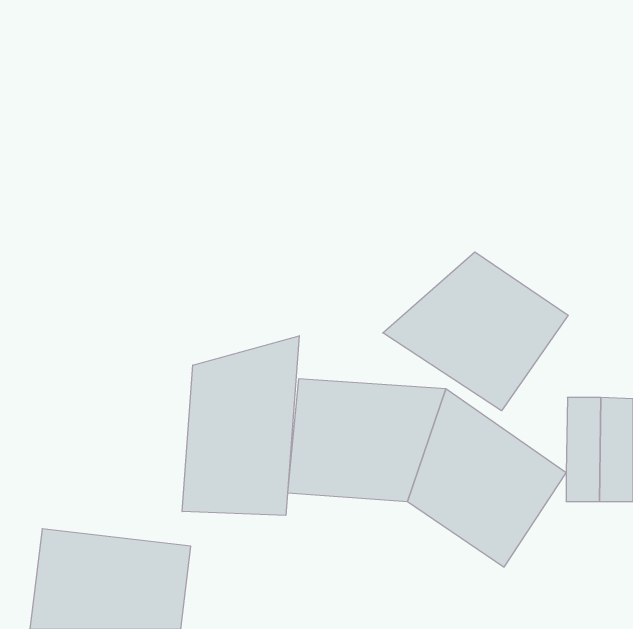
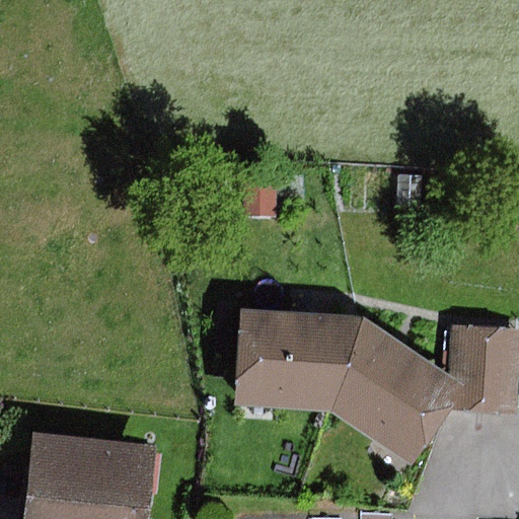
building: [383,252,568,411] -> none
building: [182,336,299,515] -> none

